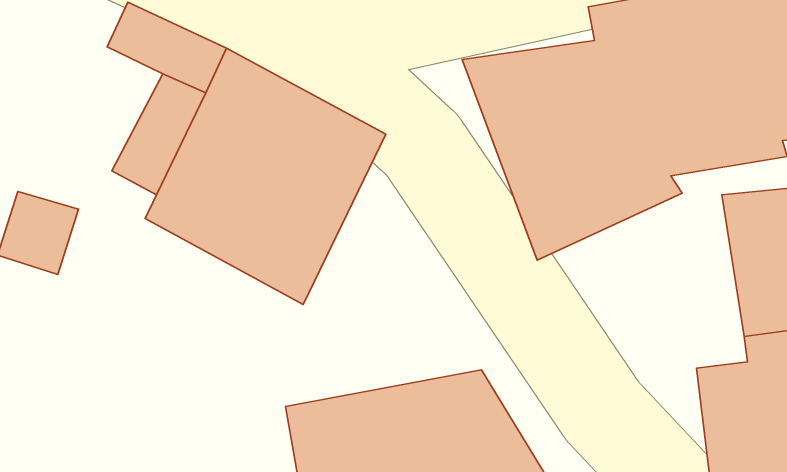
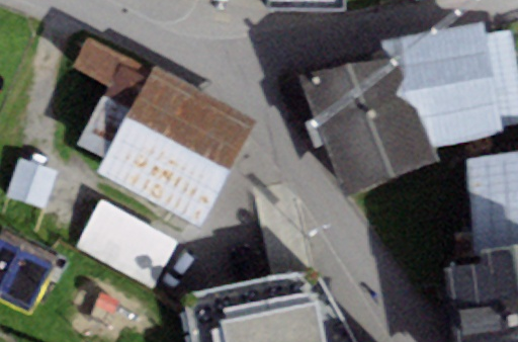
building: none -> [74,201,178,291]

